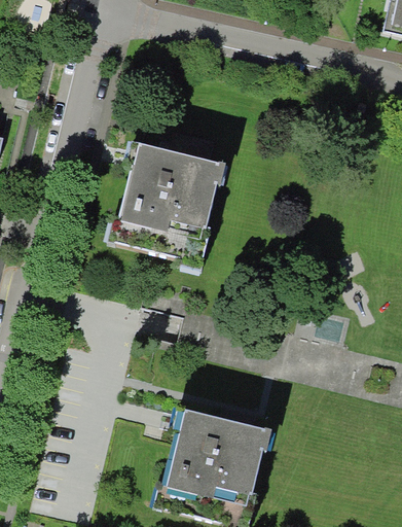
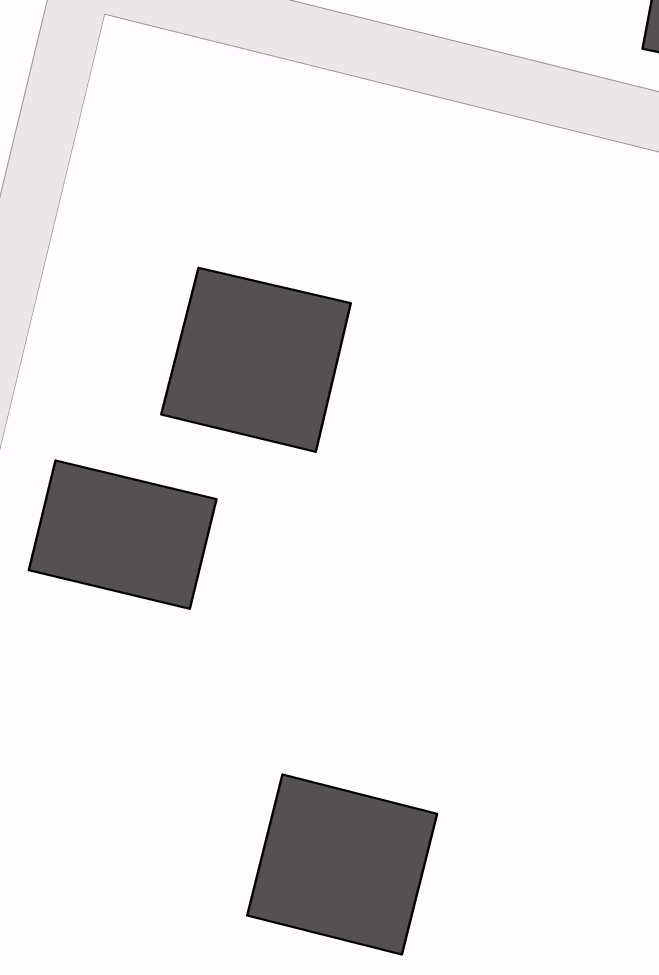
building: none -> [29,461,216,609]

